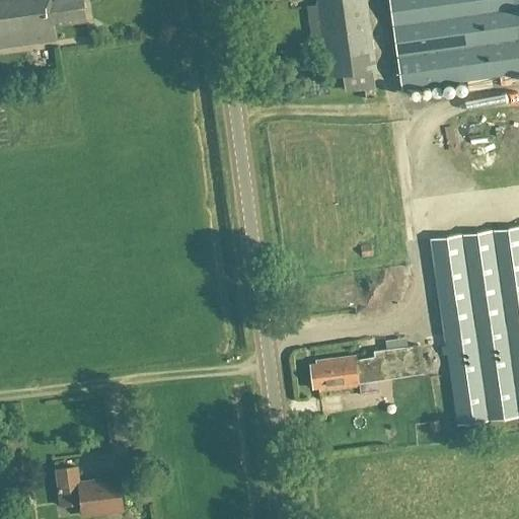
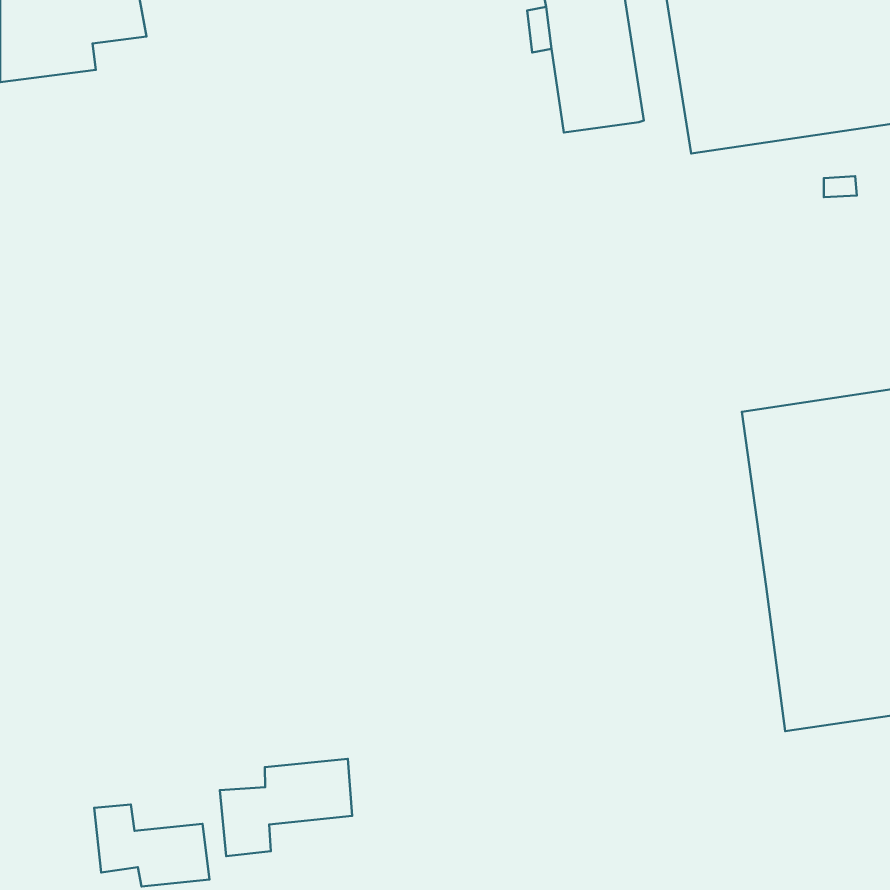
building: [343,71,374,92] -> none
building: [310,345,423,392] -> none
building: none -> [220,759,352,856]

